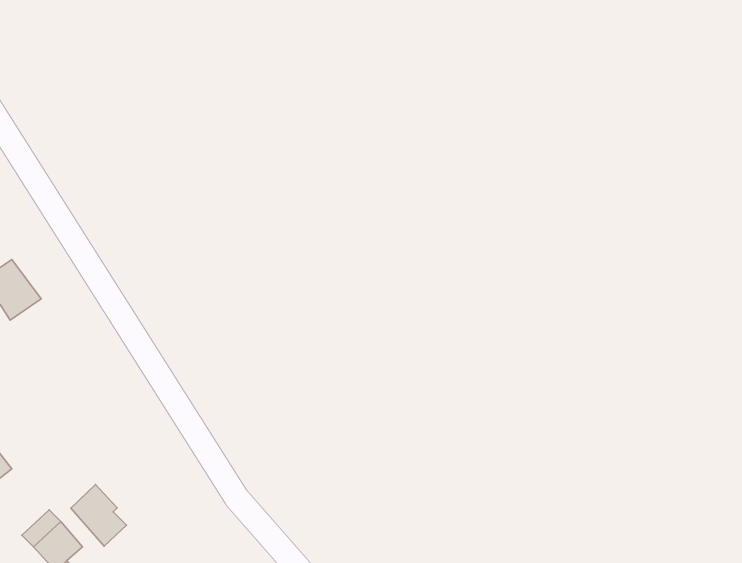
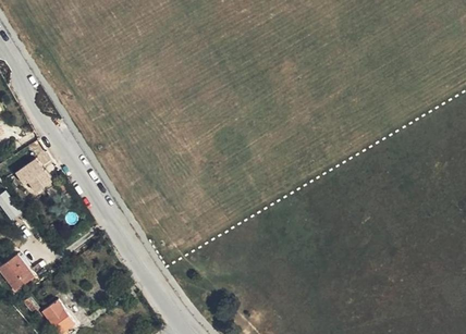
building: [71,484,127,546] -> none

